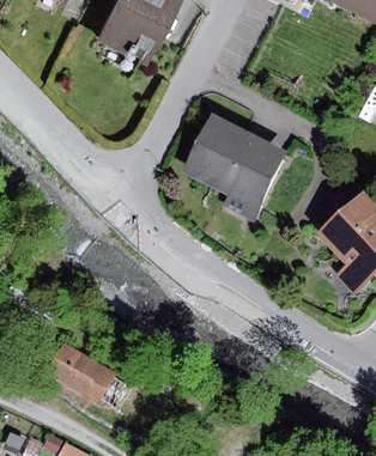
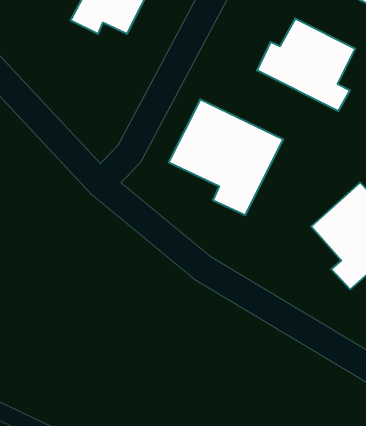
building: none -> [257,18,355,111]
building: [49,342,119,402] -> none

